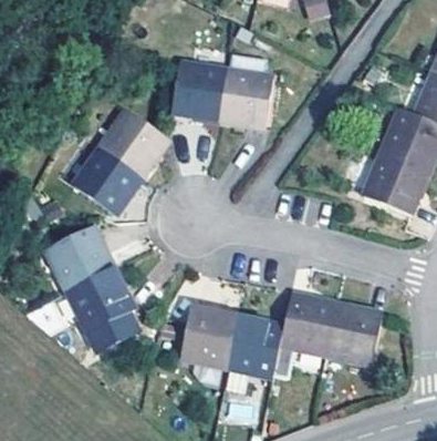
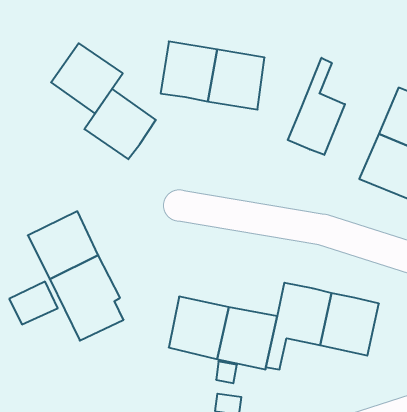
building: none -> [288,58,345,155]
building: [73,146,142,214] -> [51,43,123,114]

